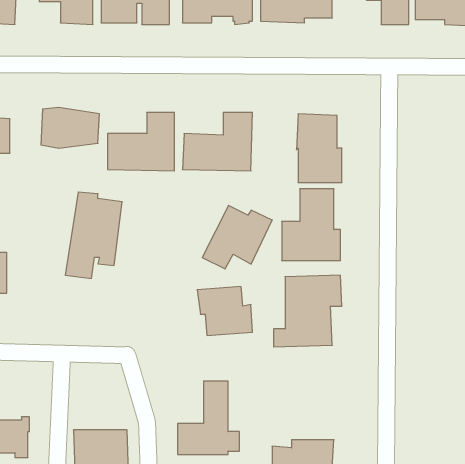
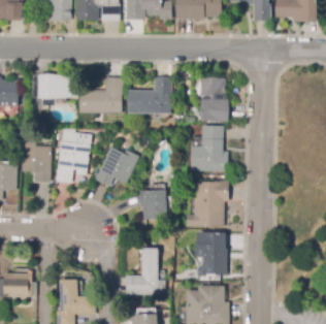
building: [202,205,272,269] -> [93,145,137,186]
building: none -> [22,141,52,182]
building: none -> [194,231,226,279]

